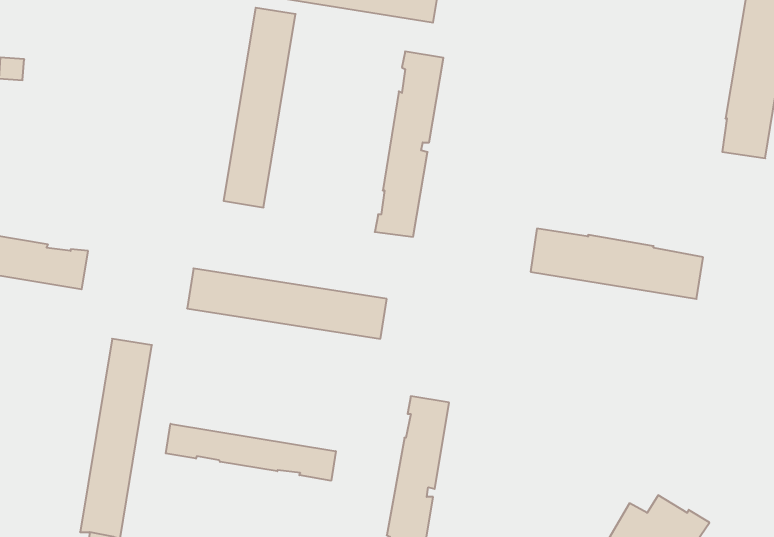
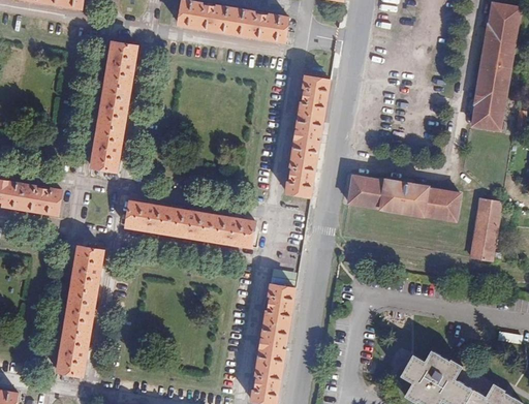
building: [224,8,296,207] -> [91,42,137,172]
building: [375,51,443,237] -> [285,76,330,196]
building: none -> [470,199,501,260]
building: [166,424,336,481] -> none

